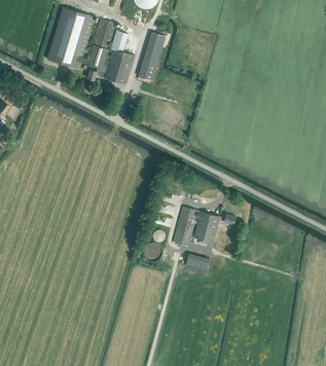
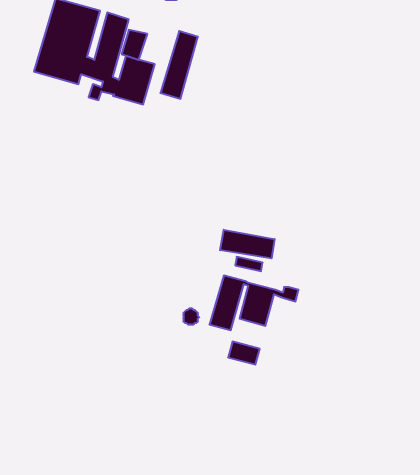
building: none -> [220,230,275,258]

